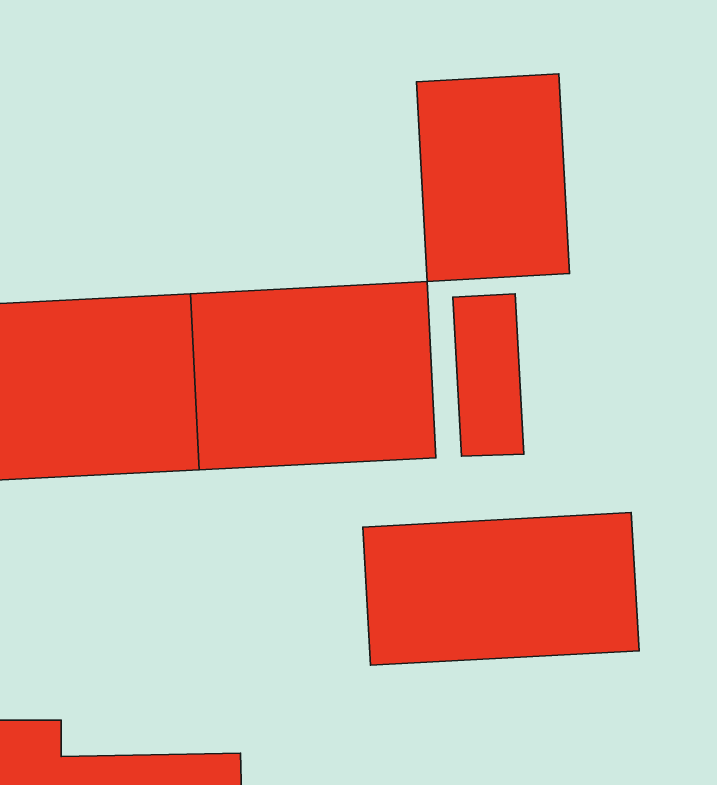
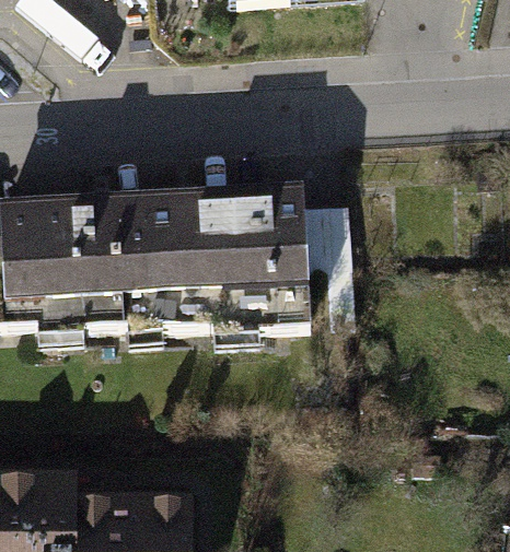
building: [416,74,570,282] -> none
building: [363,513,639,665] -> none

